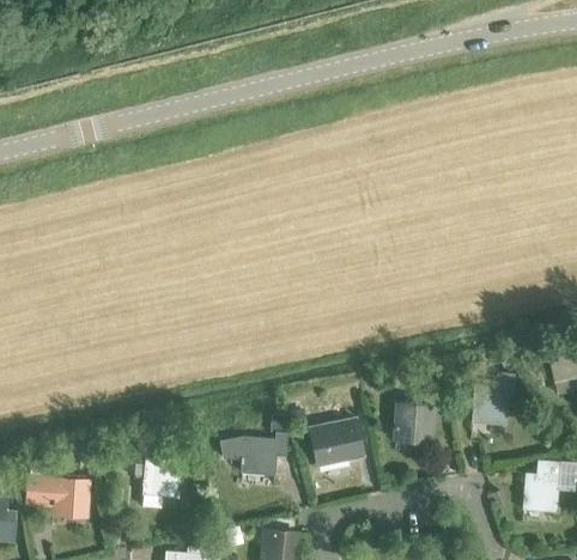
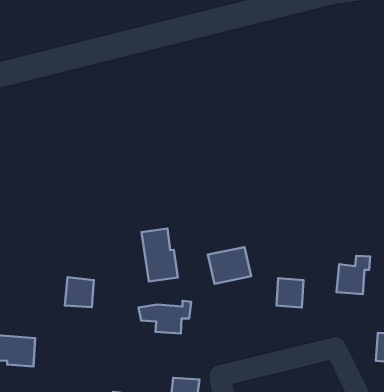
building: none -> [142,228,178,281]
building: [310,421,365,468] -> [208,247,251,284]
building: [142,458,180,497] -> [65,277,94,307]

